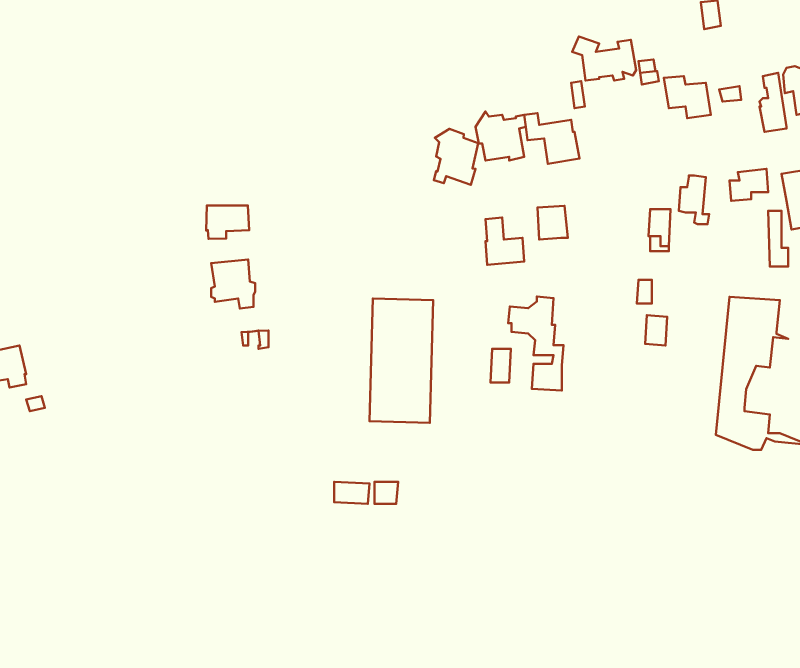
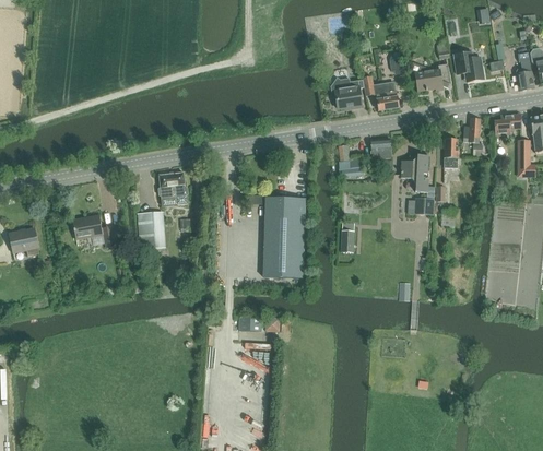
building: [572,37,636,80] -> [409,62,450,91]
building: [434,129,478,185] -> none
building: [206,205,249,239] -> none
building: [508,296,564,391] -> [399,154,435,215]
building: none -> [139,213,163,249]
building: none -> [74,216,115,247]

